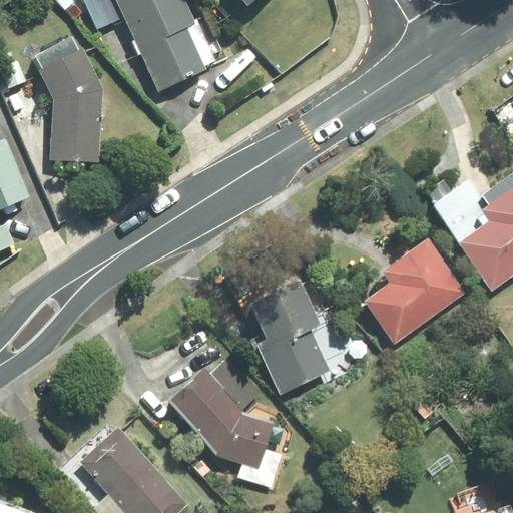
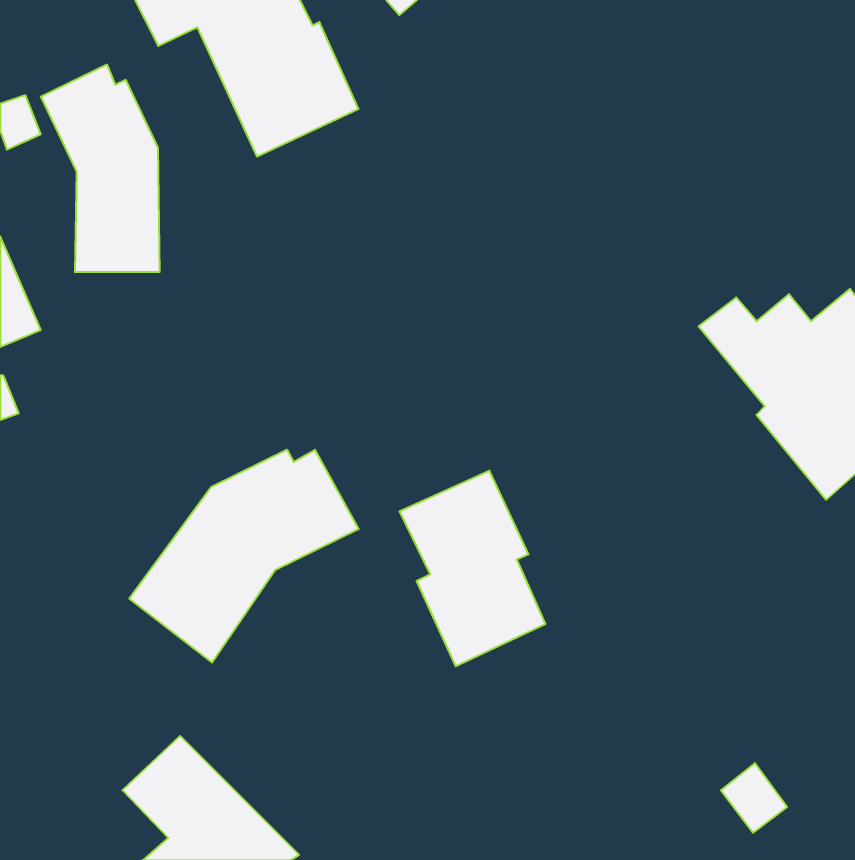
building: [363,237,466,343] -> none
building: none -> [129,450,359,663]
building: [166,356,287,485] -> none

